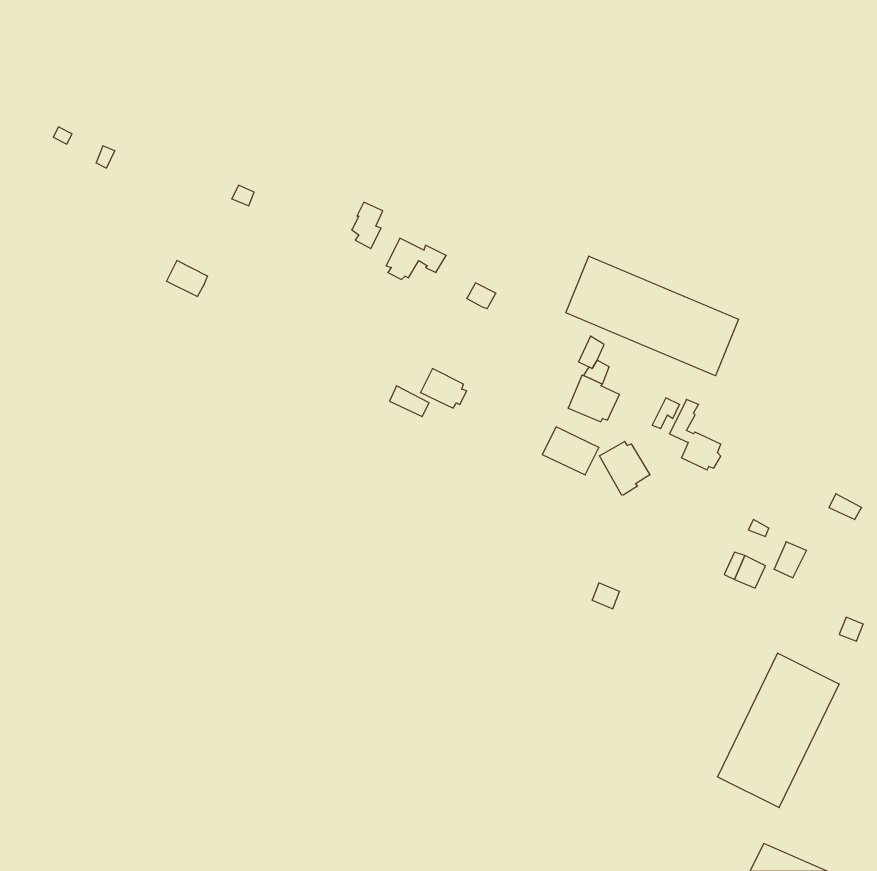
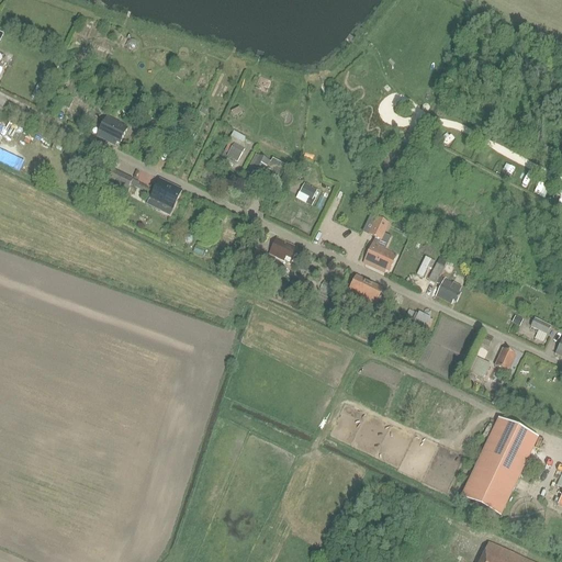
building: none -> [97,114,127,143]
building: [566,256,738,376] -> none
building: none -> [149,178,181,214]
building: [599,441,650,495] -> none

